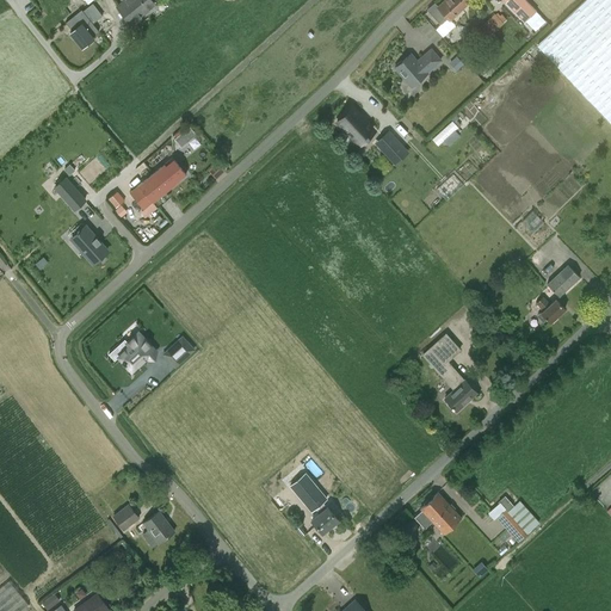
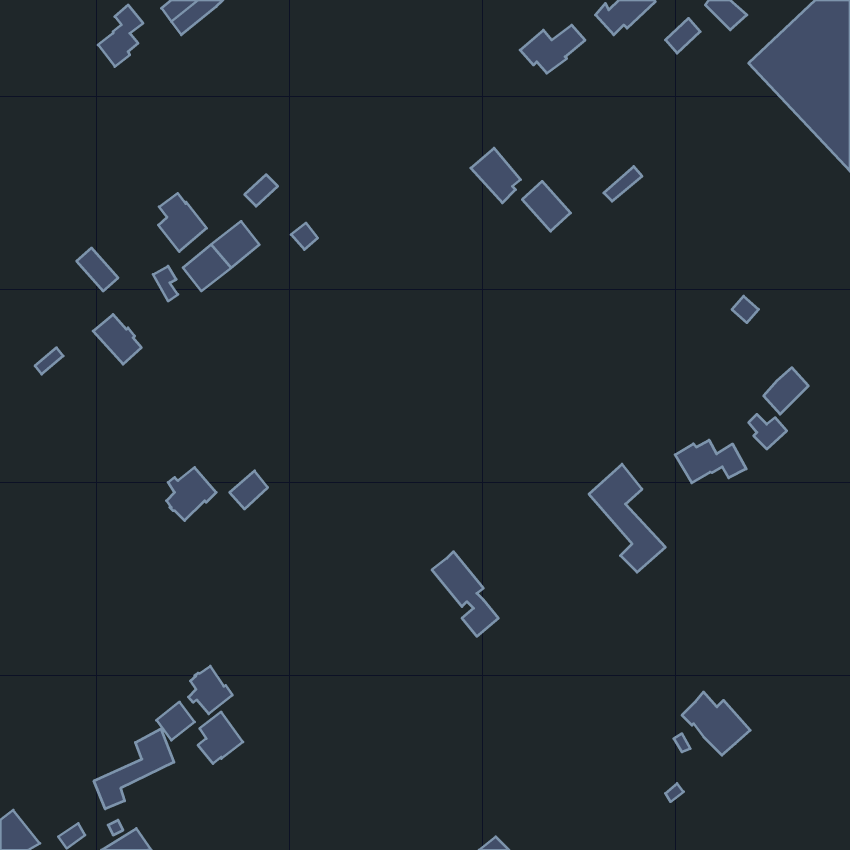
building: [395,48,442,82] -> [520,25,585,73]
building: none -> [158,193,207,252]
building: none -> [675,440,746,483]
building: [290,473,338,533] -> [432,552,498,636]
building: none -> [188,666,232,714]
building: [420,493,462,535] -> none
building: none -> [94,729,174,809]

